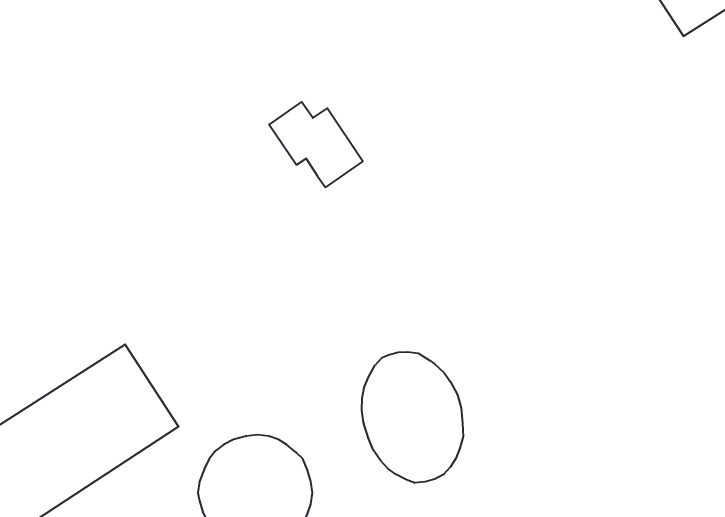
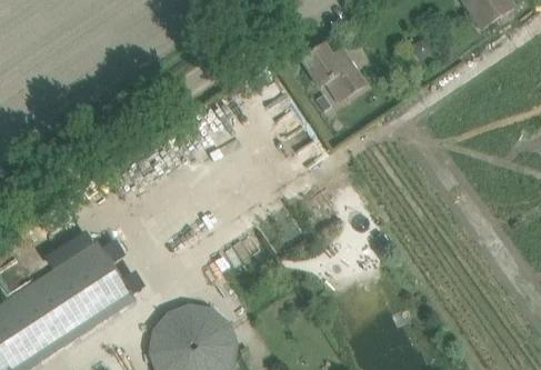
building: [269,102,363,187] -> [302,44,367,103]
building: [362,352,463,483] -> none

